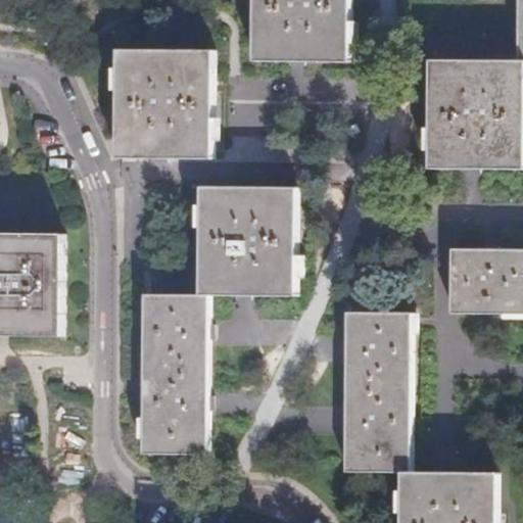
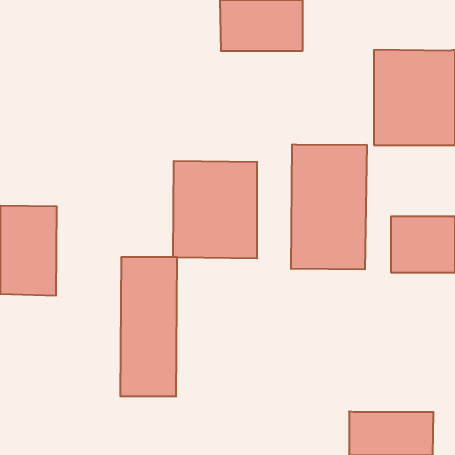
building: [113,48,210,157] -> none
building: none -> [291,144,367,269]
building: [341,312,408,473] -> none

